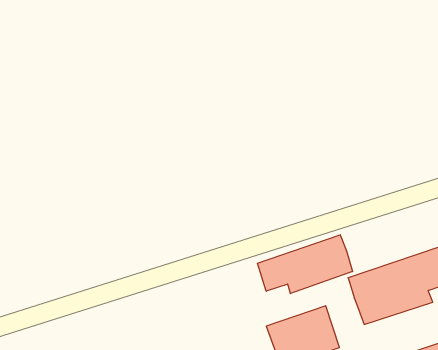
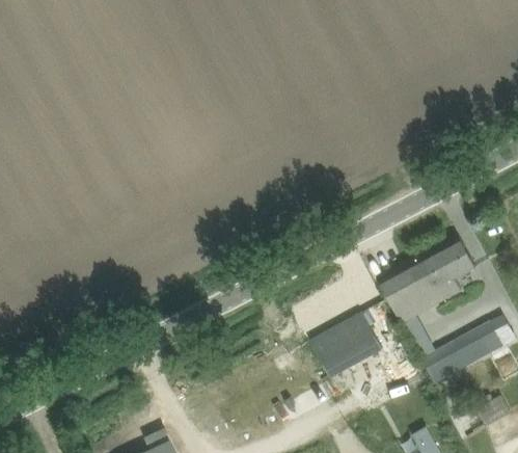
building: [257,235,353,294] -> none

